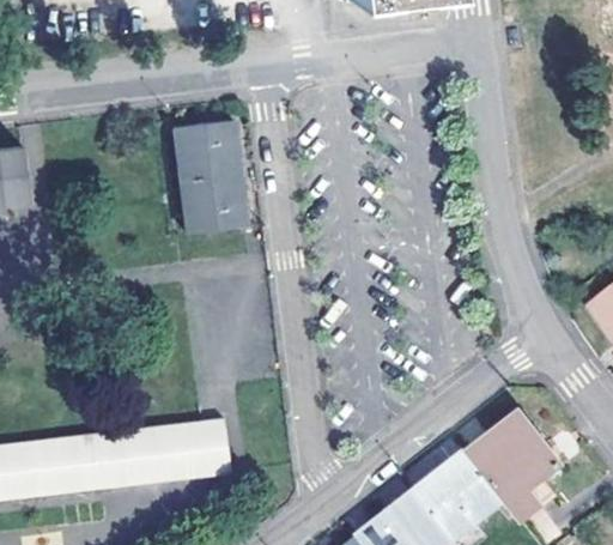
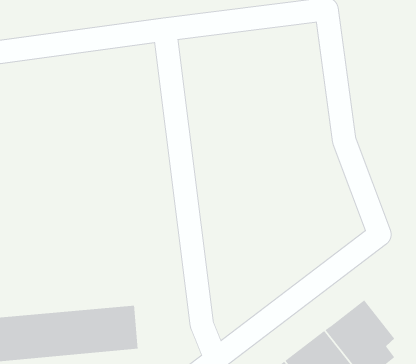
building: [170,121,241,234] -> none

